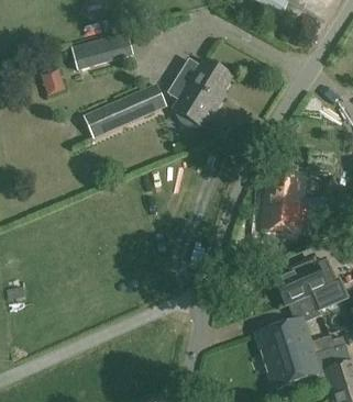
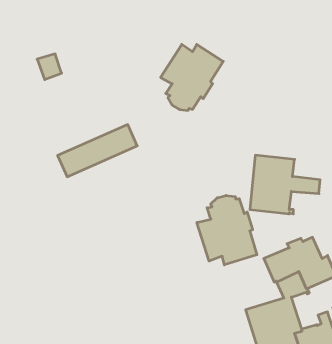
building: [73,31,134,68] -> none
building: [84,82,166,136] -> [58,125,137,177]
building: none -> [197,195,257,265]

